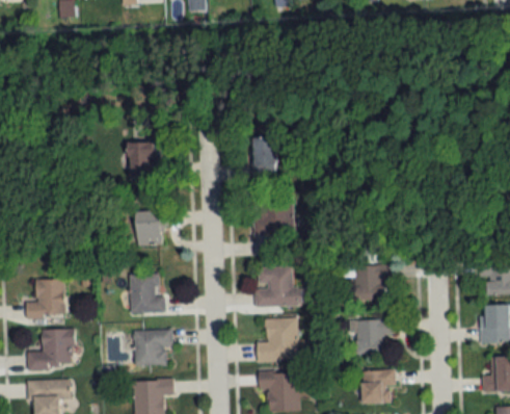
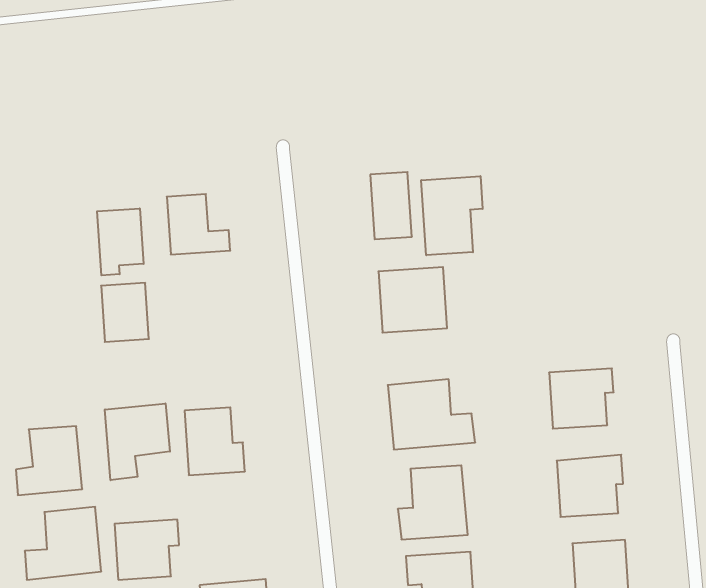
building: none -> [421,176,483,255]
building: none -> [97,208,144,275]
building: [136,210,163,244] -> [101,283,149,342]
building: none -> [105,403,170,480]
building: [133,331,171,365] -> [115,520,179,580]

